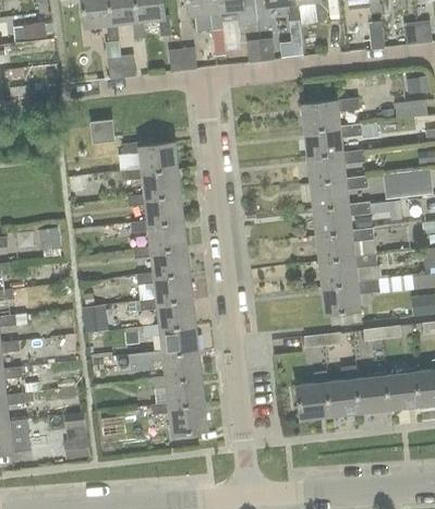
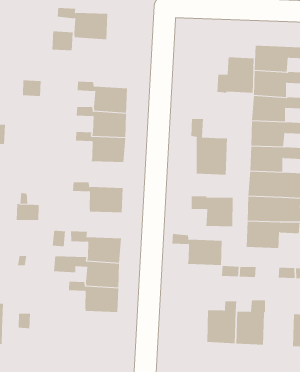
building: none -> [217,57,254,94]
building: [120,142,177,172] -> [57,8,108,40]
building: none -> [191,118,227,176]
building: [132,246,189,277] -> none
building: none -> [191,196,233,227]
building: [138,299,195,329] -> [171,233,223,266]
building: [355,375,389,412] -> none
building: [135,402,207,434] -> none

